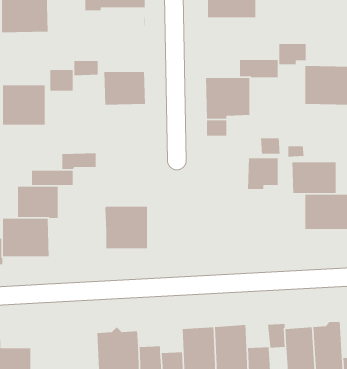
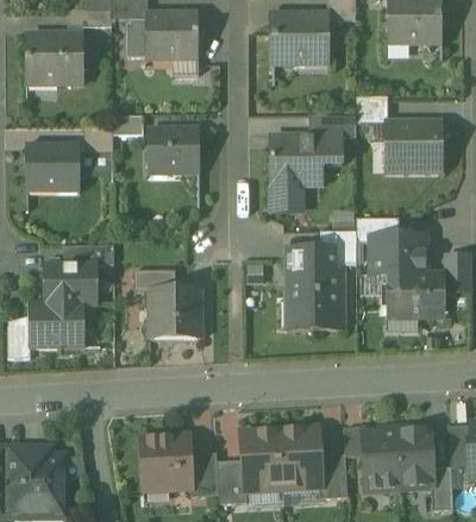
building: [61,153,97,170] -> [136,270,177,290]
building: none -> [286,269,339,329]

